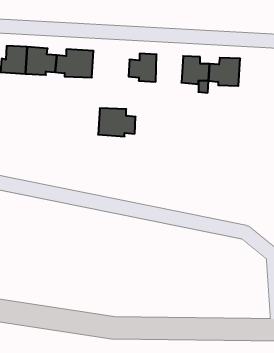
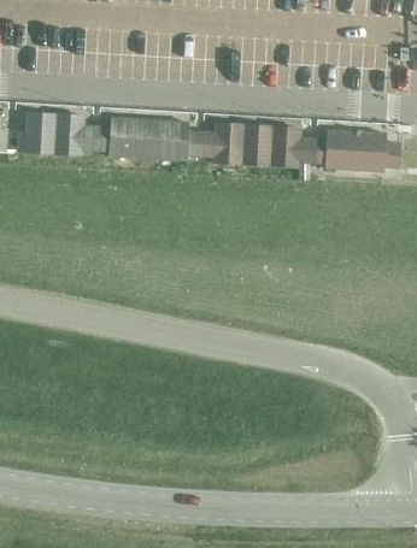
building: none -> [237,124,276,164]
building: none -> [354,130,398,171]
building: [98,108,136,136] -> [147,119,200,159]

